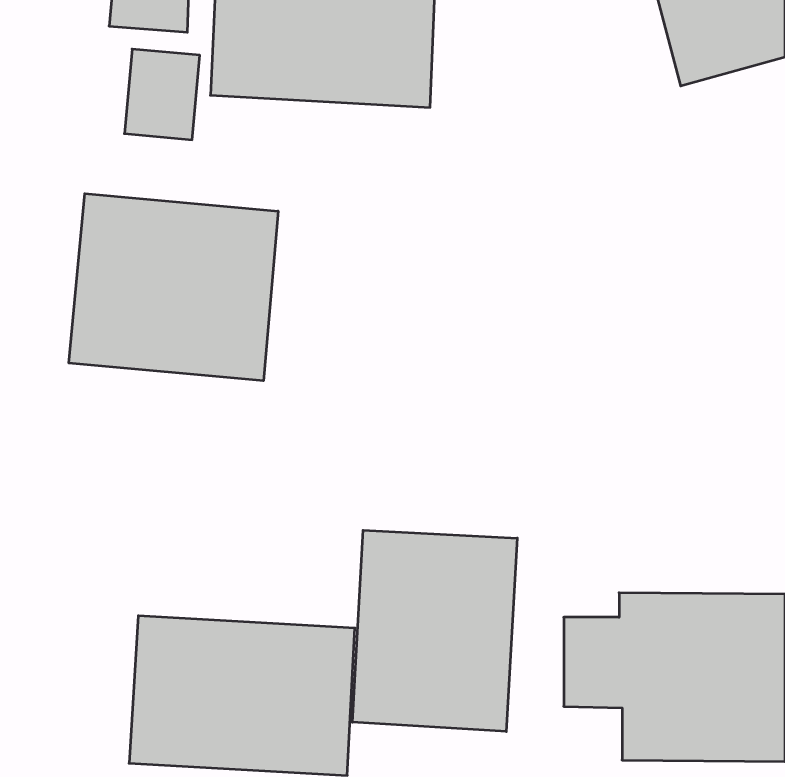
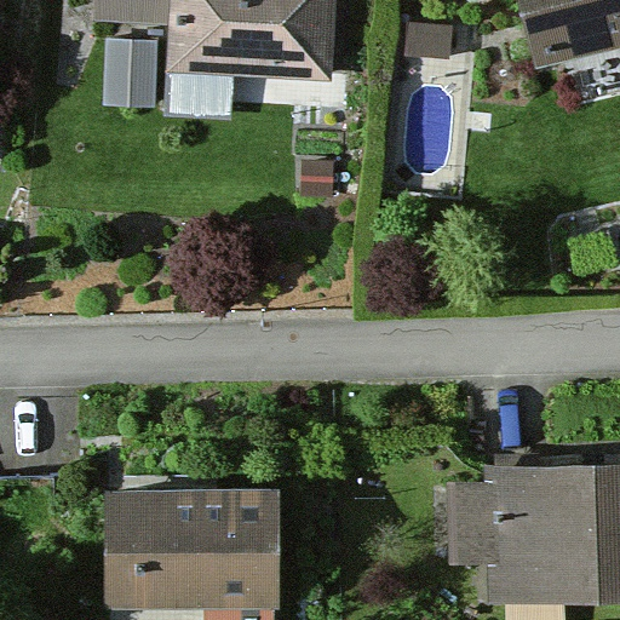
building: [69,194,278,381] -> none
building: [352,530,517,732] -> none

